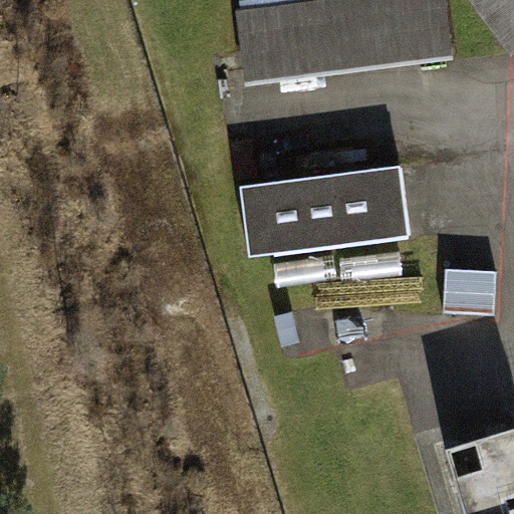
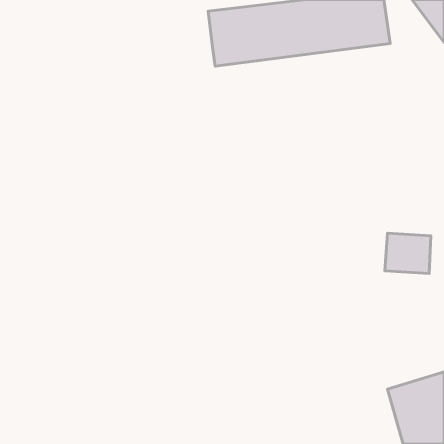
building: [241,167,410,256] -> none

